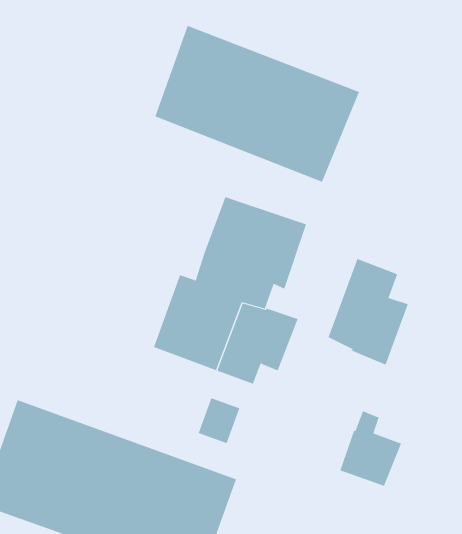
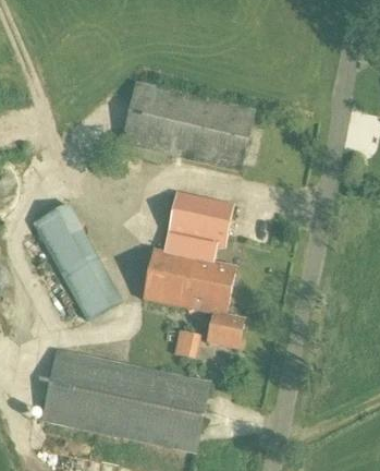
building: none -> [33,203,121,319]
building: [328,258,408,366] -> none
building: [340,410,402,487] -> [207,300,246,349]

